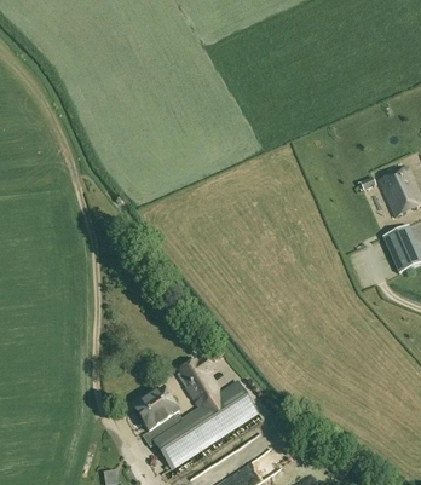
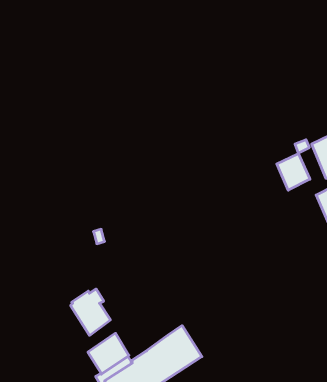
building: none -> [277,153,310,190]
building: [177,354,220,405] -> [71,289,110,335]

